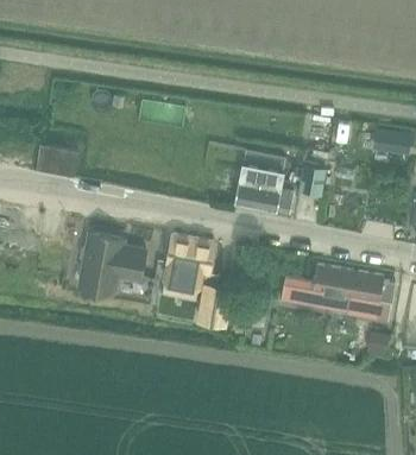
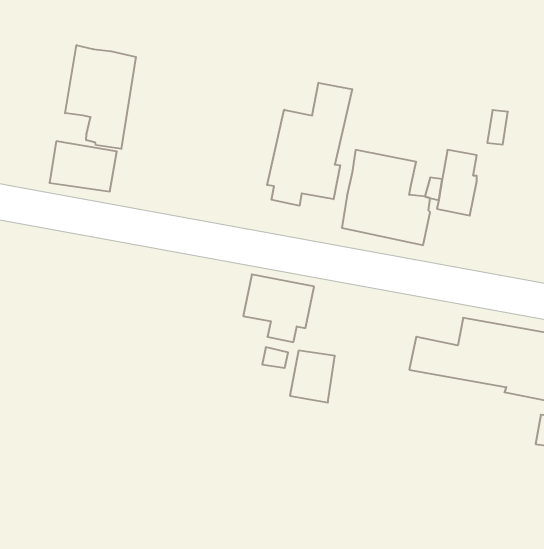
building: none -> [65,45,136,149]
building: none -> [267,83,352,206]
building: [80,232,146,287] -> none

